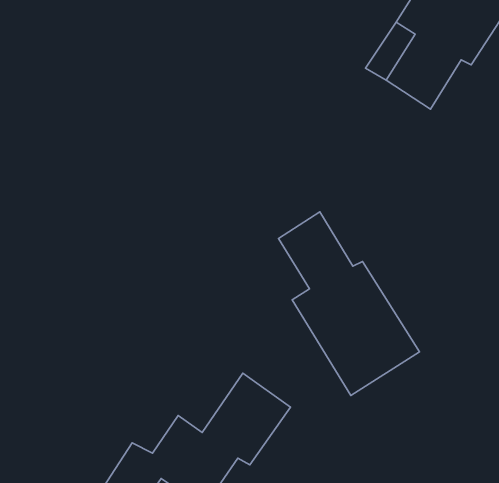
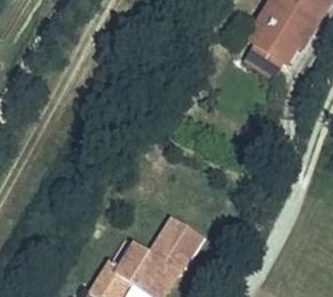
building: [278,212,420,395] -> none

